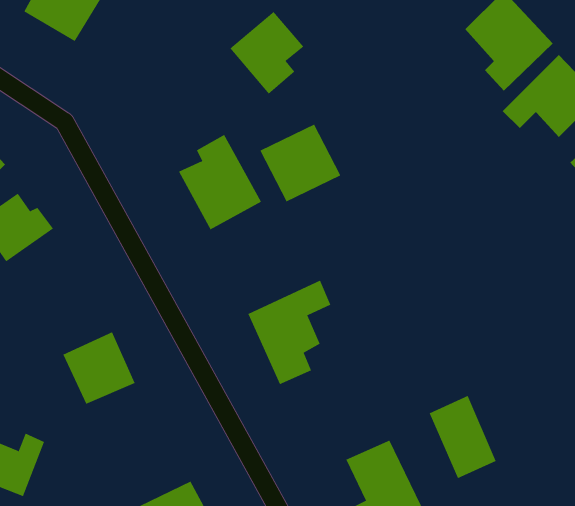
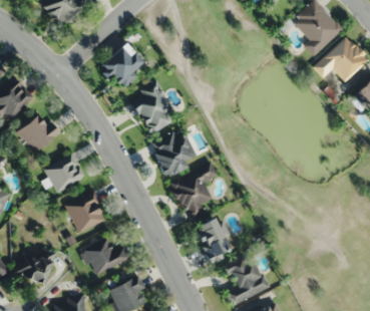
building: [229,11,304,95] -> [100,43,142,90]
building: [259,124,341,202] -> [149,132,196,177]
building: none -> [44,154,86,194]
building: [429,395,496,479] -> [193,218,231,265]
building: none -> [85,241,129,275]

